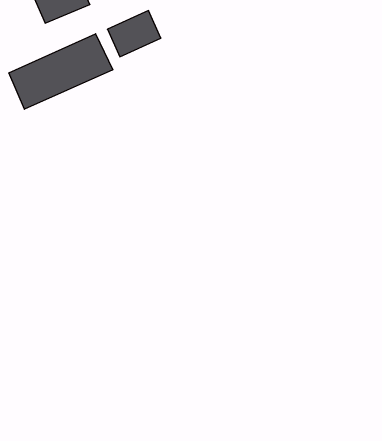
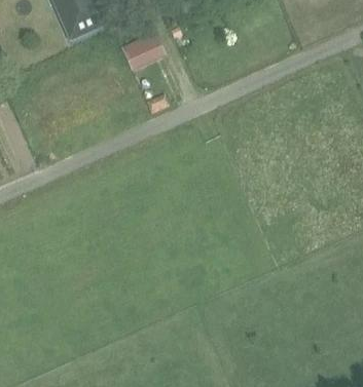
building: [9,34,113,109] -> none

